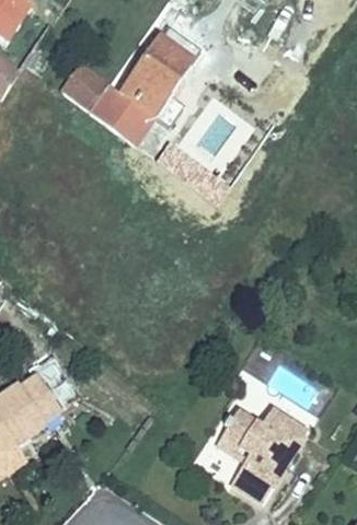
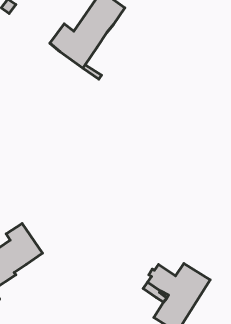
building: [60,61,108,108] -> none

